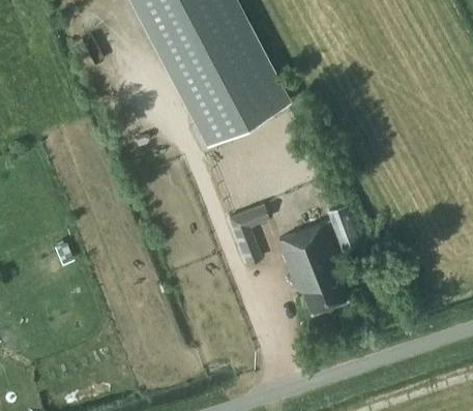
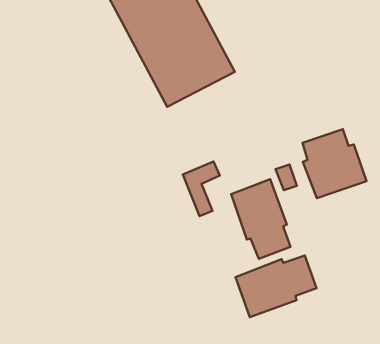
building: none -> [302,129,367,198]
building: none -> [236,256,316,317]

